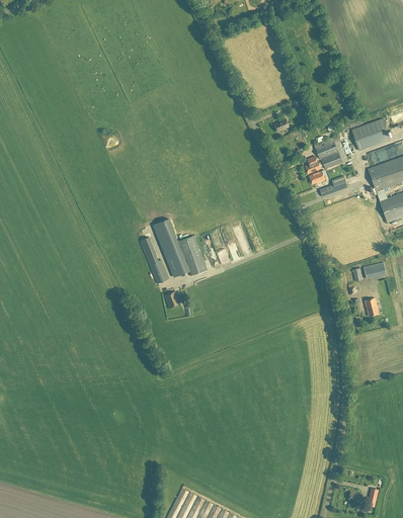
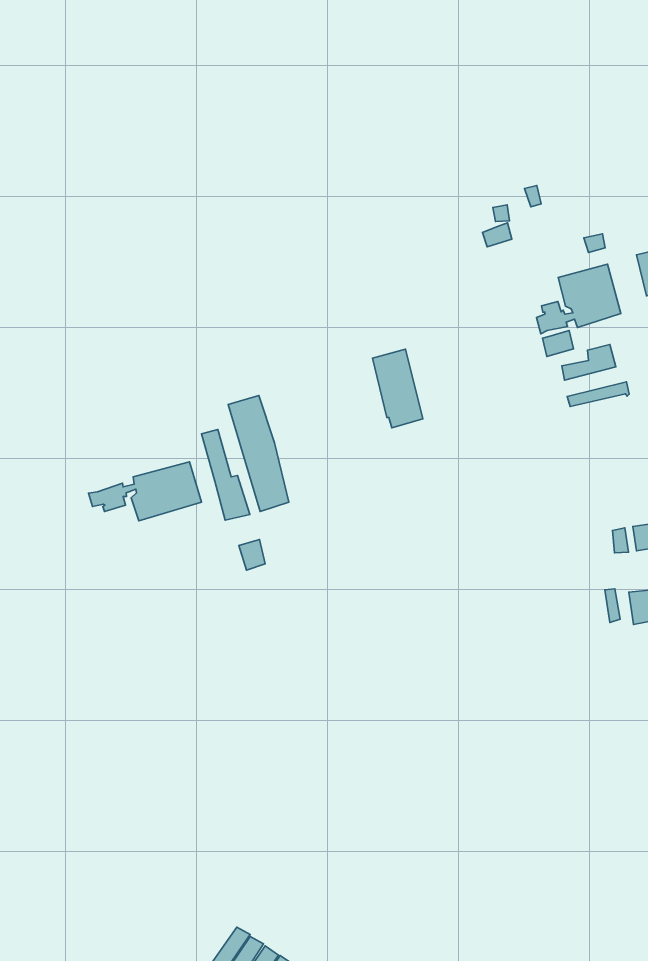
building: [178,236,207,276] -> [373,349,423,428]
building: none -> [88,462,202,521]

